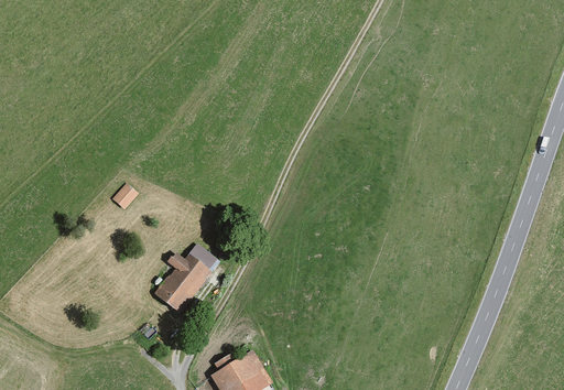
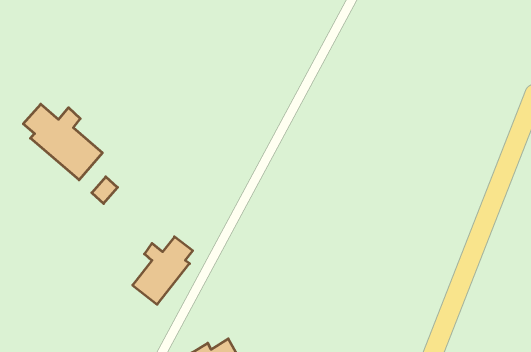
building: none -> [23,104,102,180]

